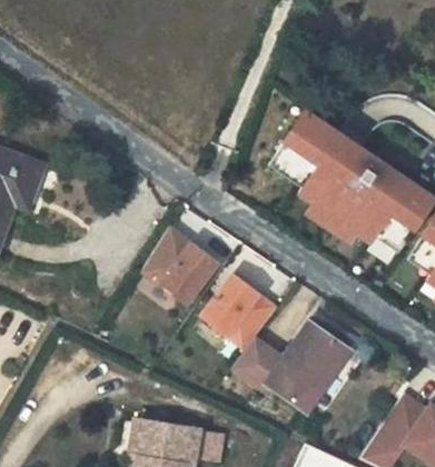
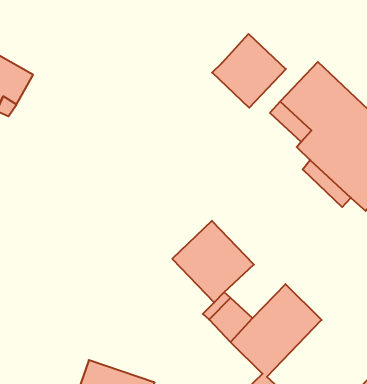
building: none -> [212,34,286,108]
building: [139,226,218,304] -> none

